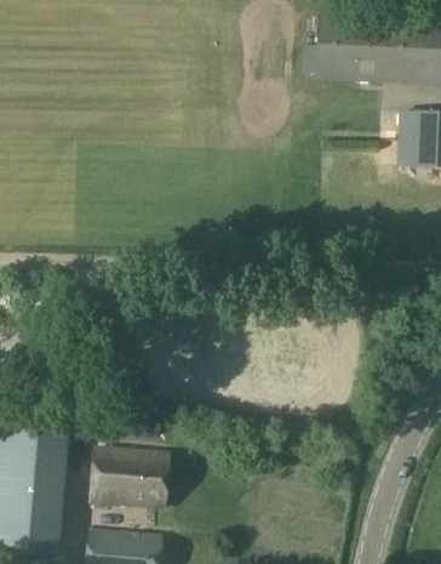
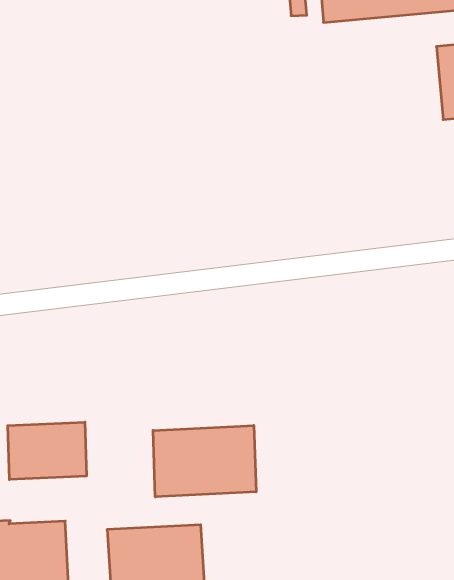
building: none -> [8,422,86,480]
building: none -> [153,425,256,497]

